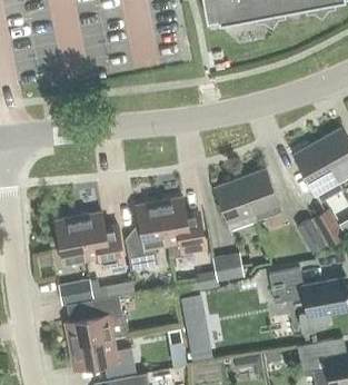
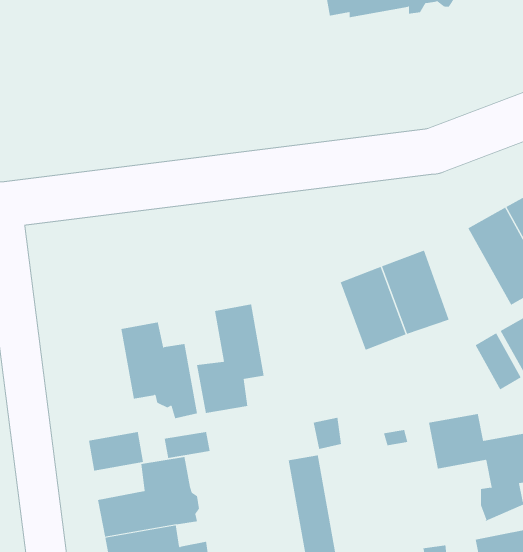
building: [159,197,203,257] -> none
building: [54,217,86,265] -> none
building: [211,254,242,282] -> none

